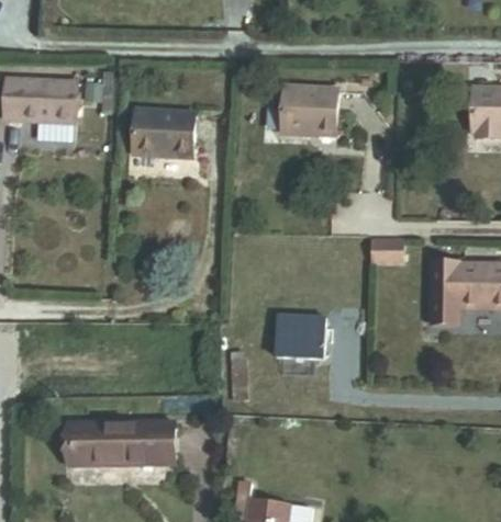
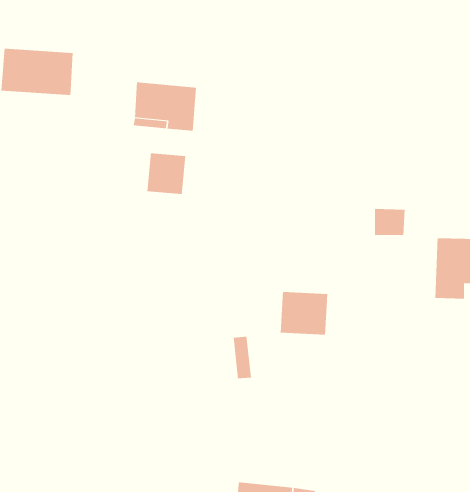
building: [283,88,335,135] -> none
building: none -> [147,152,186,195]
building: [68,424,172,464] -> none

